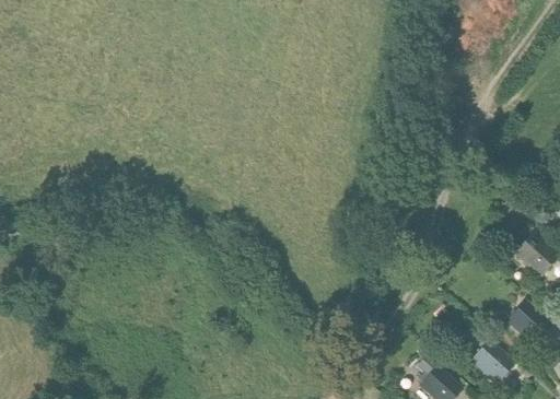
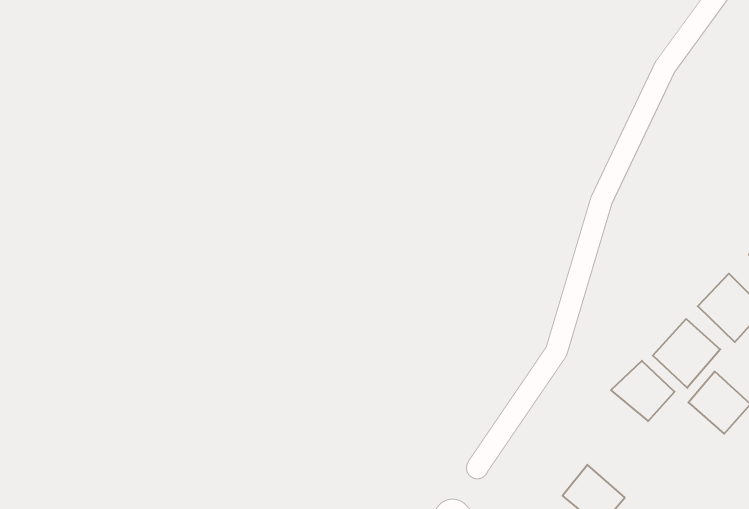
building: none -> [653,319,720,388]
building: [469,340,514,383] -> [611,361,675,421]

